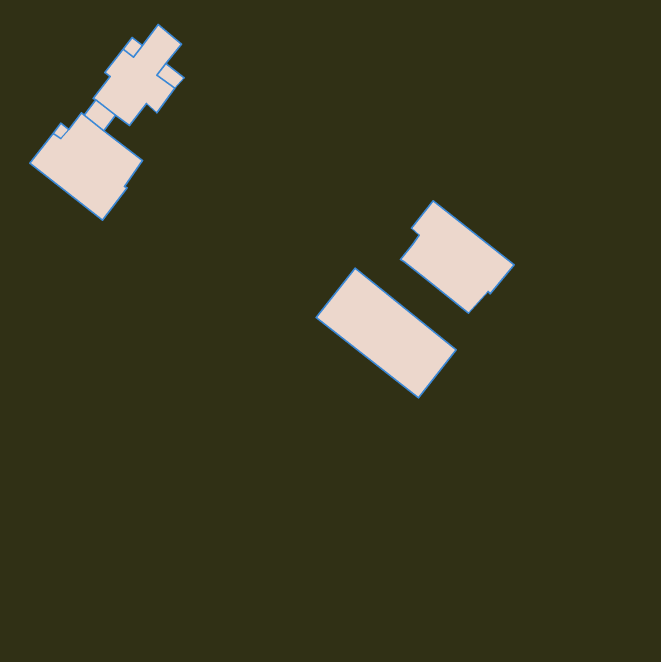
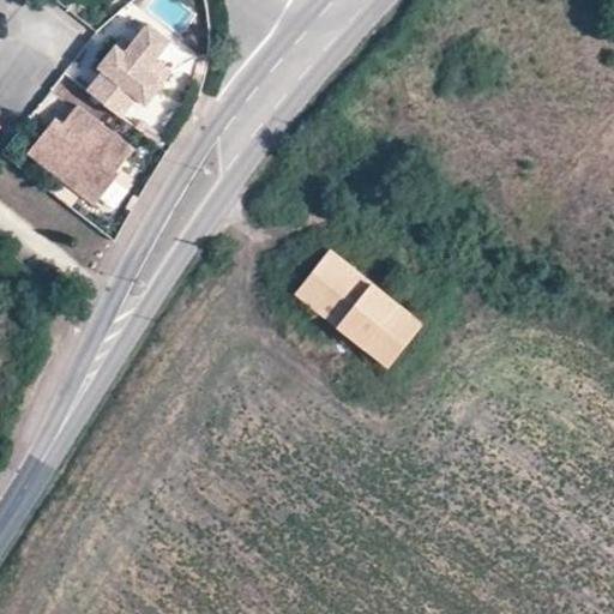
building: [400,201,514,313] -> none

